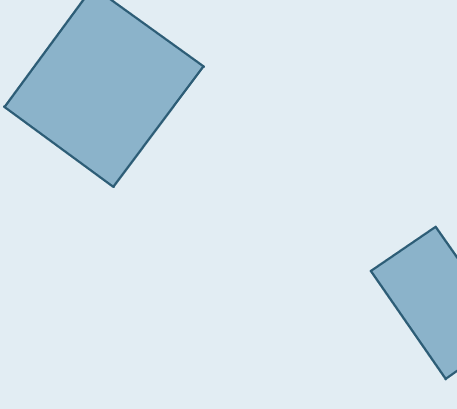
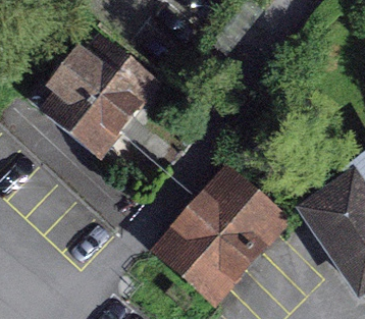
building: none -> [154,178,271,299]

